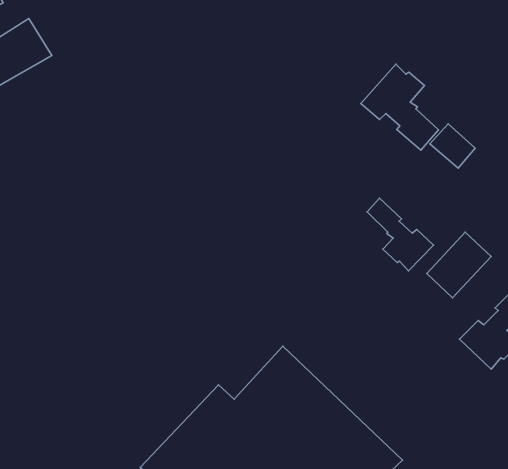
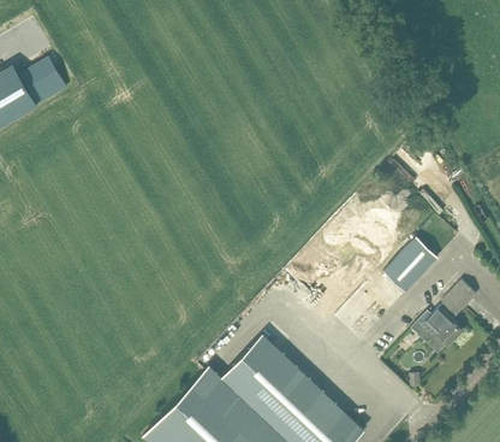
building: [361,64,438,150] -> none
building: [367,198,434,271] -> none

